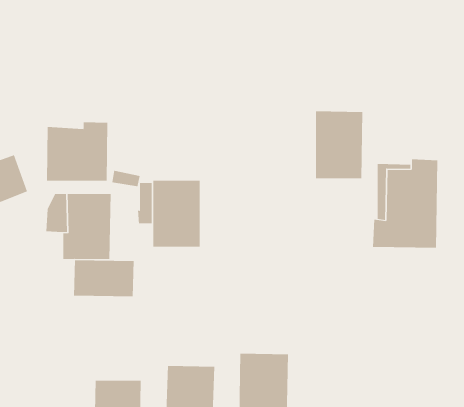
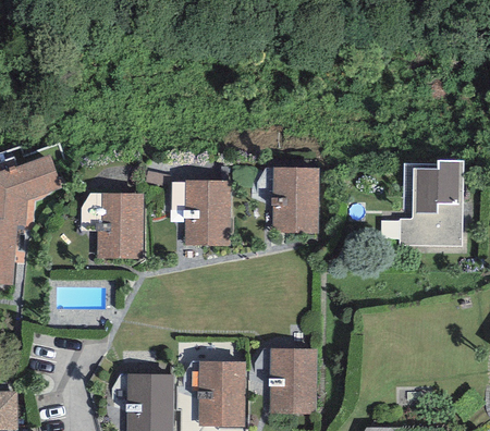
building: [315,111,363,179] -> [272,167,319,233]
building: [46,122,108,181] -> none
building: [74,259,134,297] -> none

